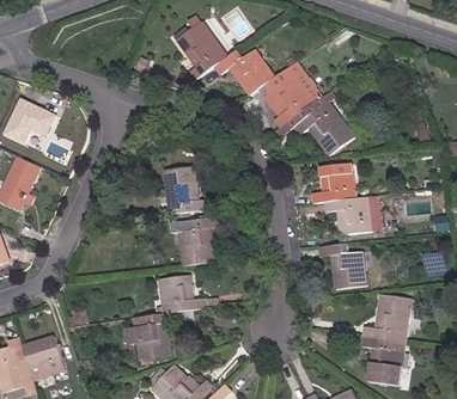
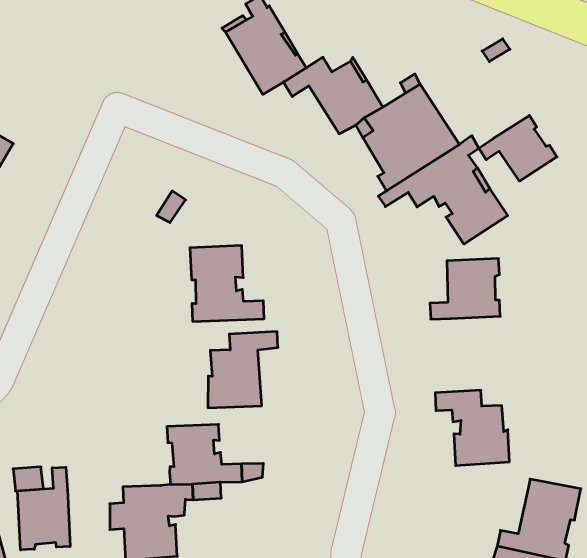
building: none -> [479,115,557,181]
building: [324,196,380,235] -> none
building: none -> [18,467,70,550]

